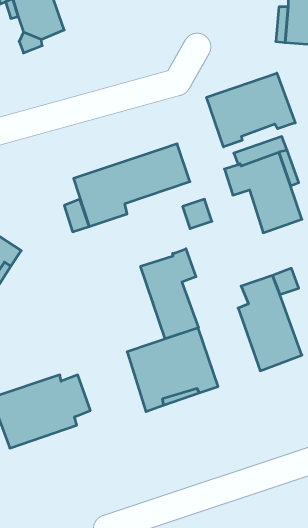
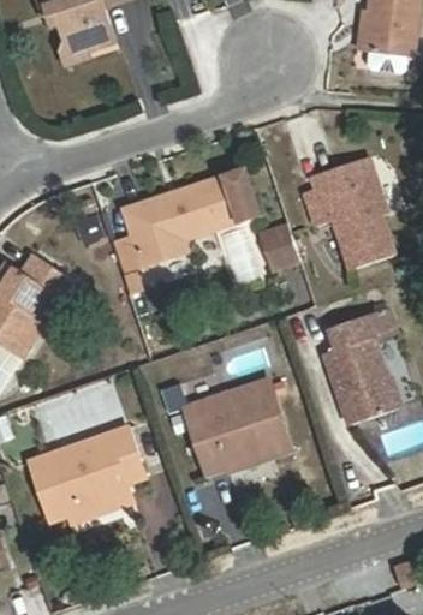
building: [207,73,295,147] -> none
building: [141,249,198,339] -> none

